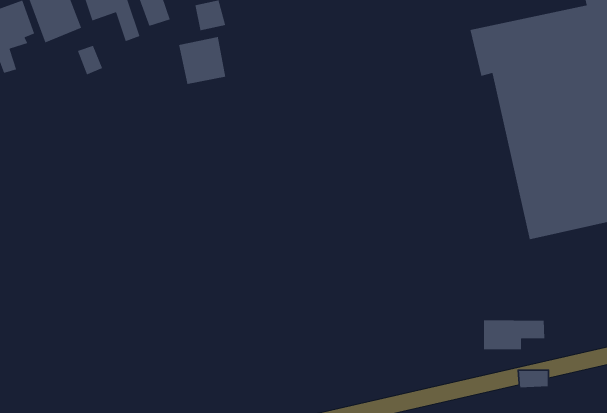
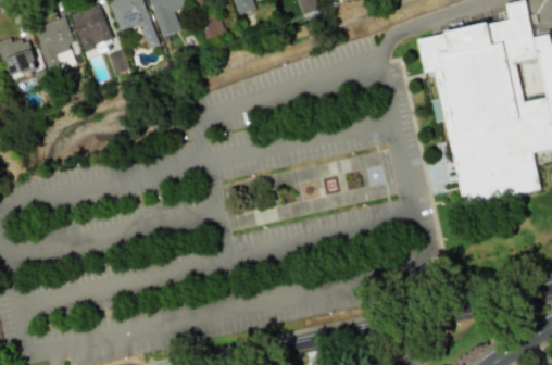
building: [178,36,226,85] -> none
building: [483,319,545,350] -> none

